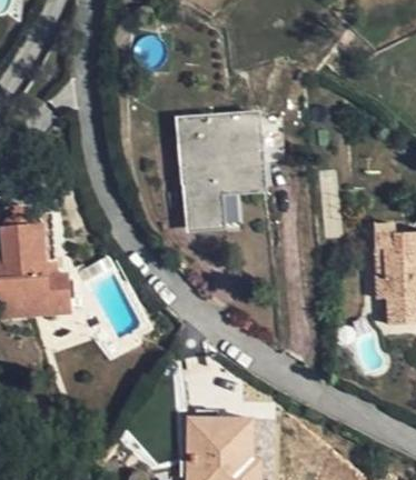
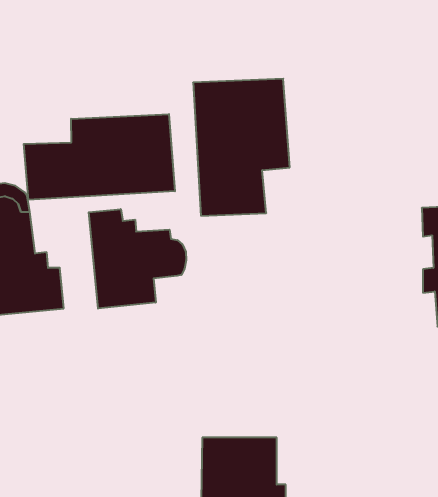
building: none -> [24,114,175,200]
building: none -> [89,209,186,309]

